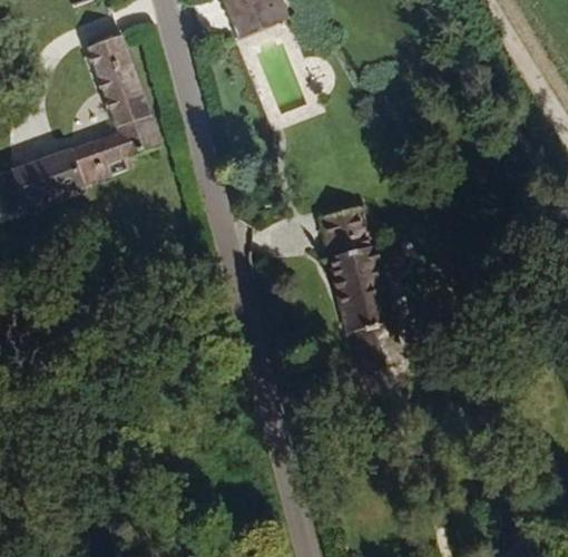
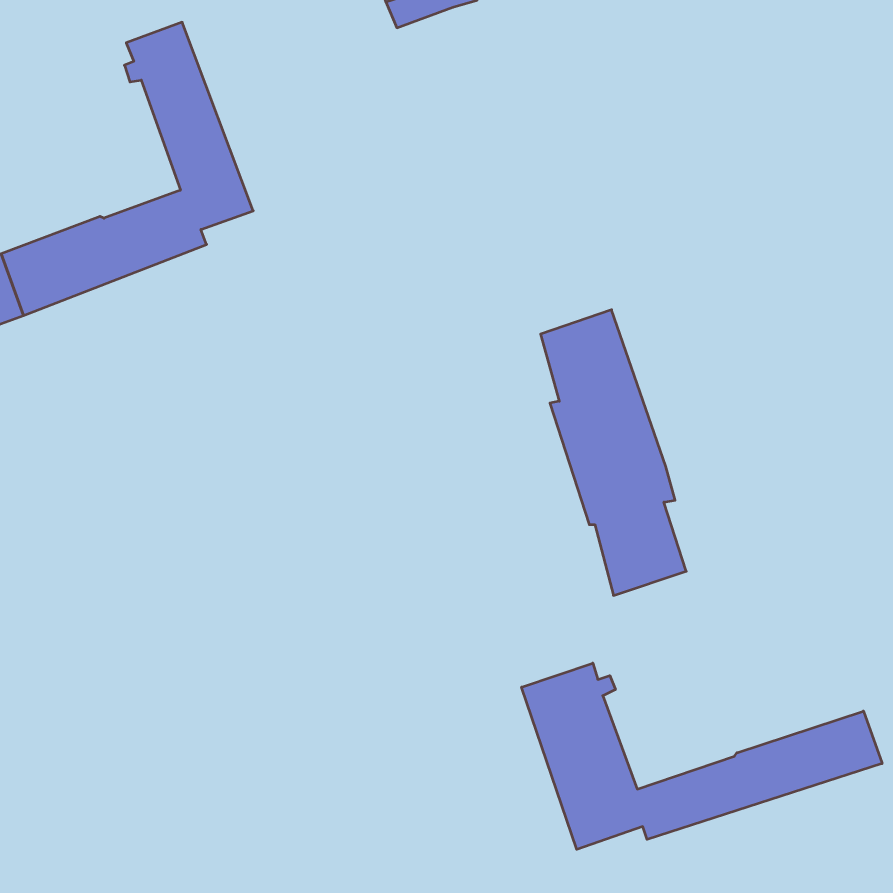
building: none -> [522,663,882,849]

